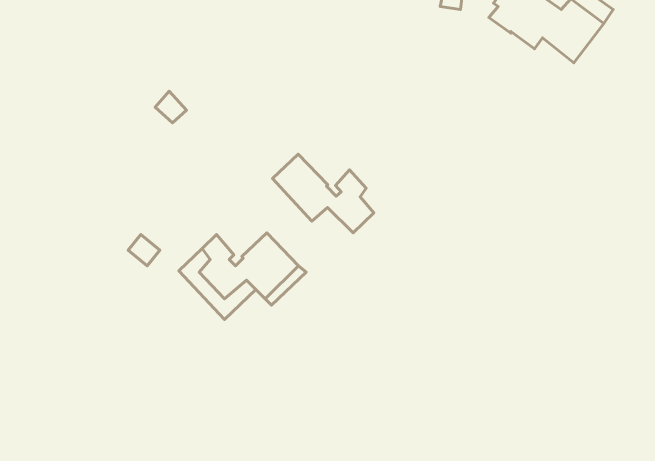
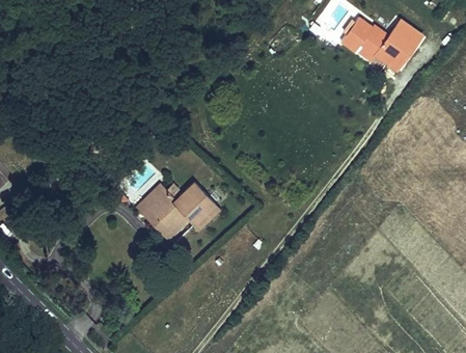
building: [272,154,374,233] -> none

